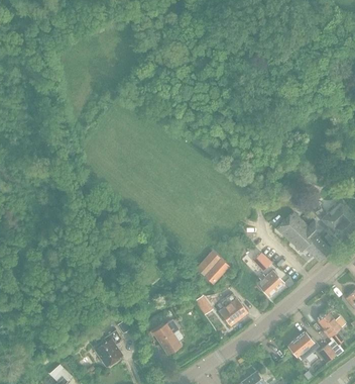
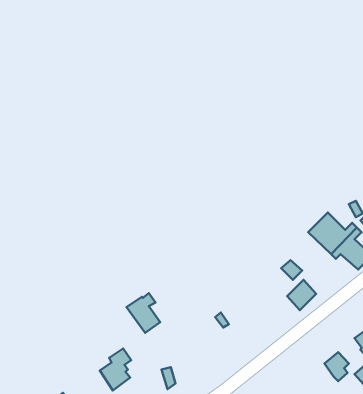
building: [197,252,229,284] -> none
building: [219,293,248,325] -> none
building: [151,319,181,354] -> [127,293,160,333]

